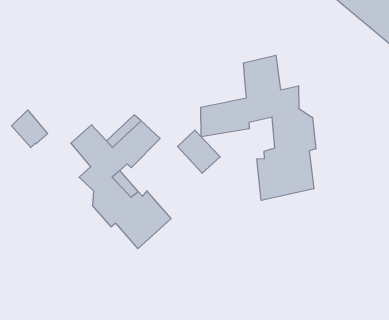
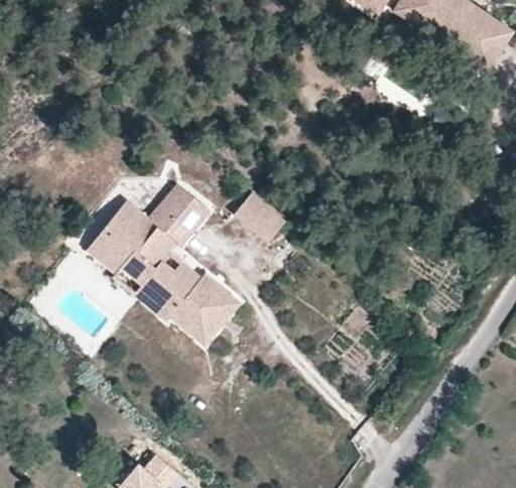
building: [201,55,316,200] -> none
building: [12,110,48,148] -> [89,228,133,272]

